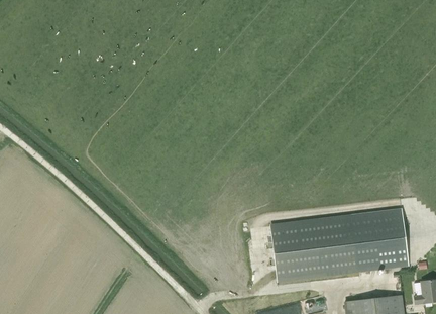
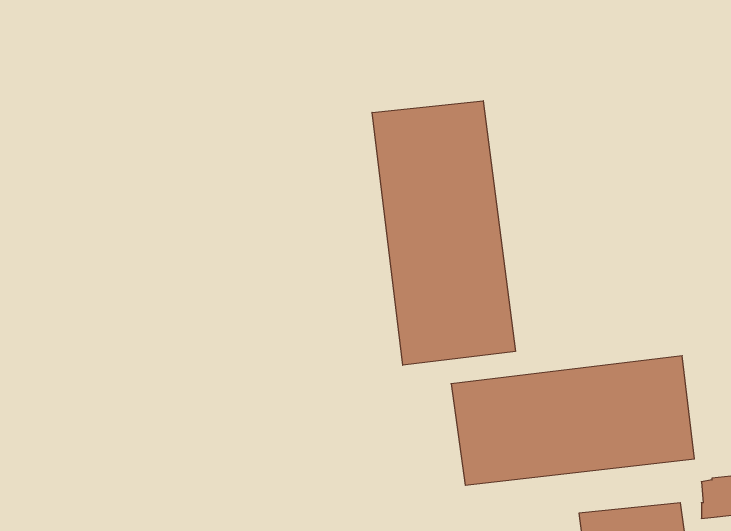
building: none -> [372,101,515,365]

